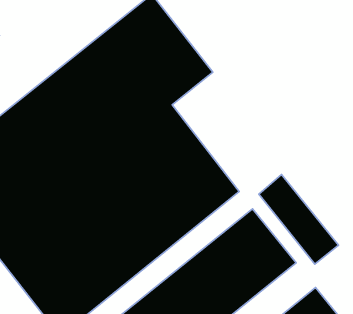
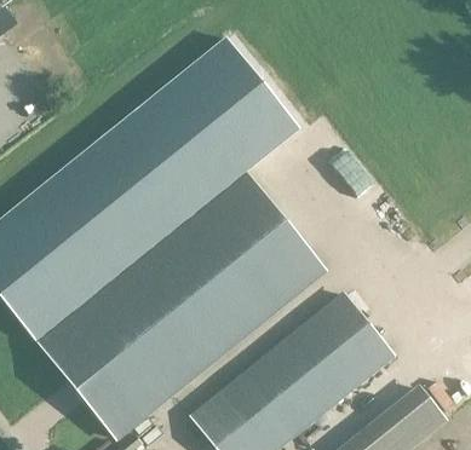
building: [259,175,338,264] -> none

